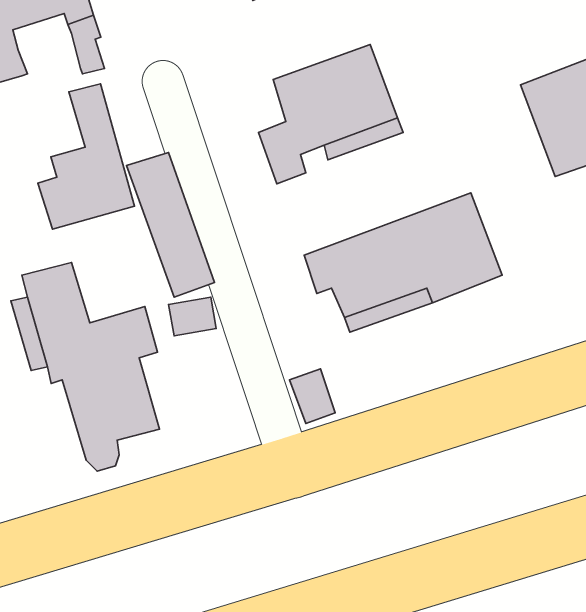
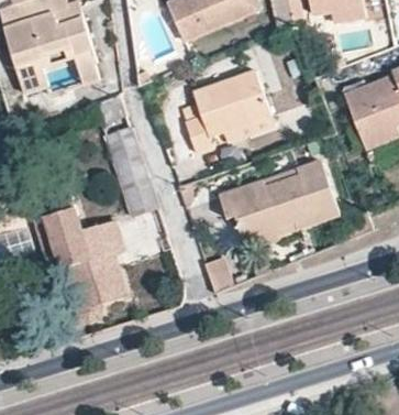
building: [38,84,134,229] -> none

